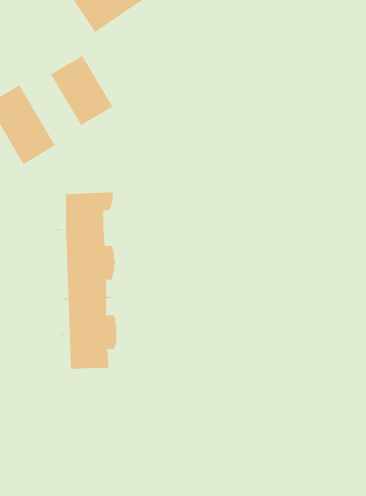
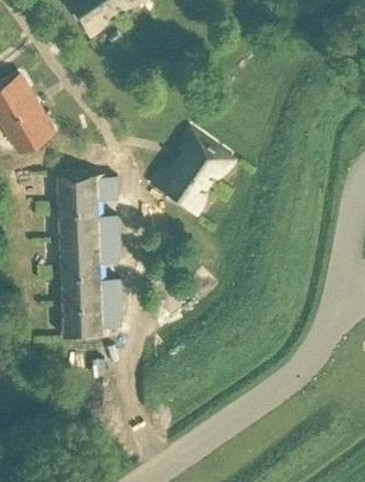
building: [50,55,114,126] -> none
building: none -> [158,133,238,217]

